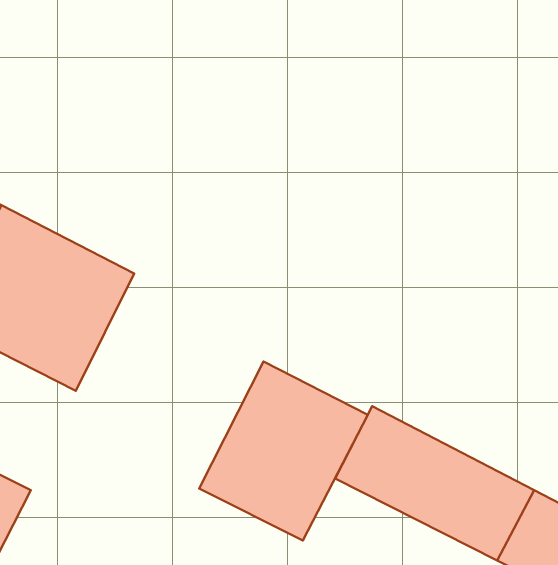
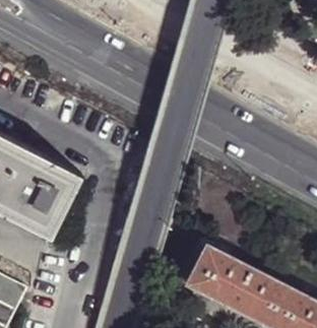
building: [199,361,368,541] -> none

